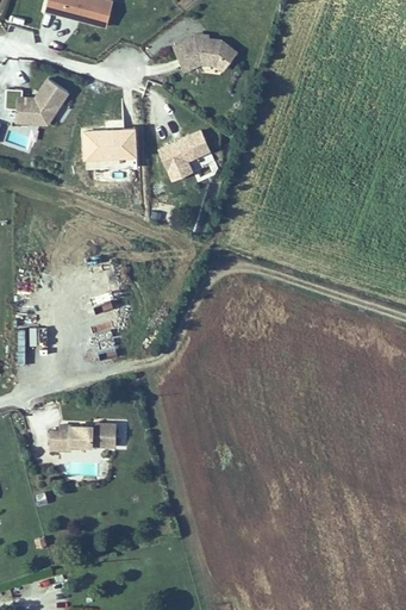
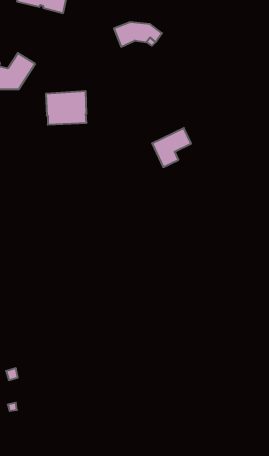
building: [158,129,210,180] -> [152,128,191,167]
building: [49,424,118,450] -> none

